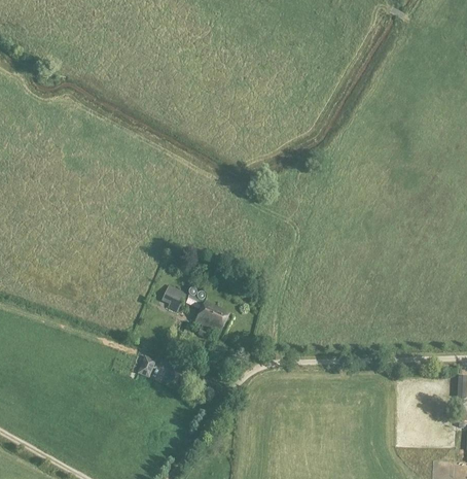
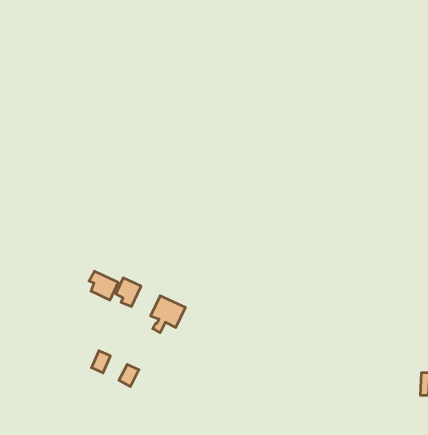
building: none -> [89,271,118,300]

